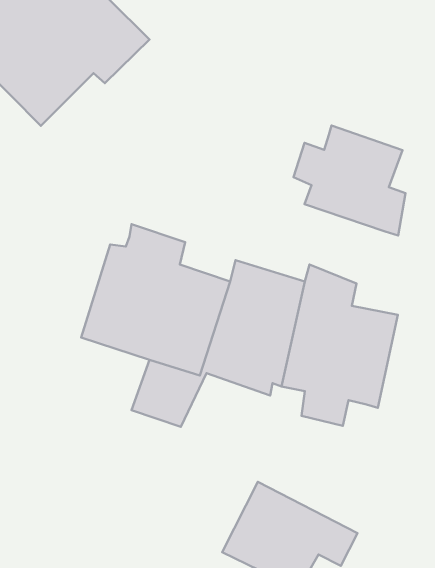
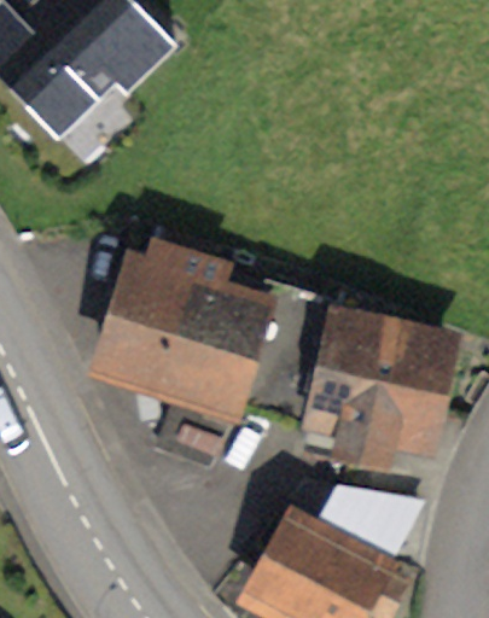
building: [294,125,406,235] -> none
building: none -> [320,485,429,564]

